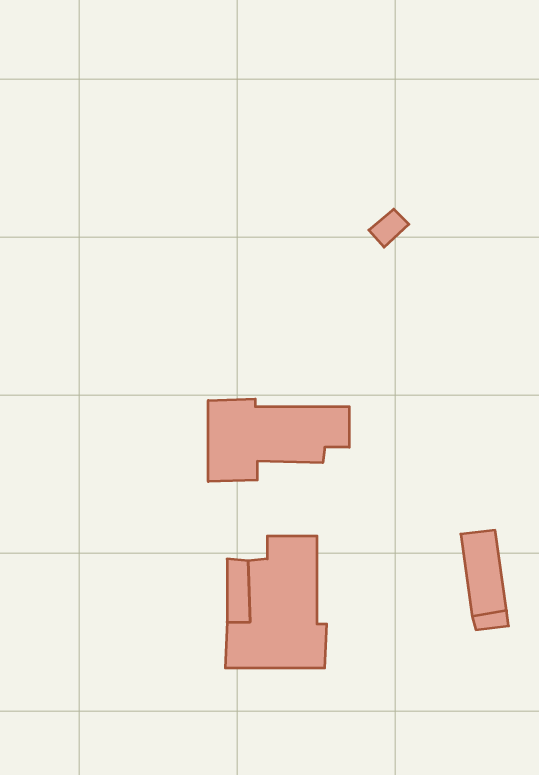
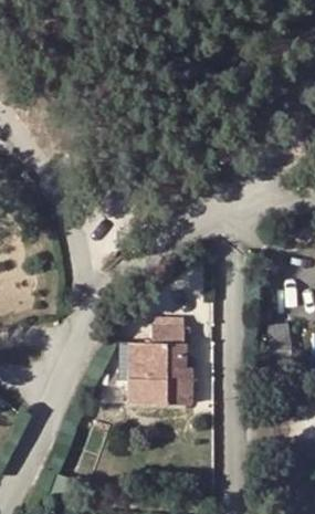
building: [208,399,349,482] -> none

